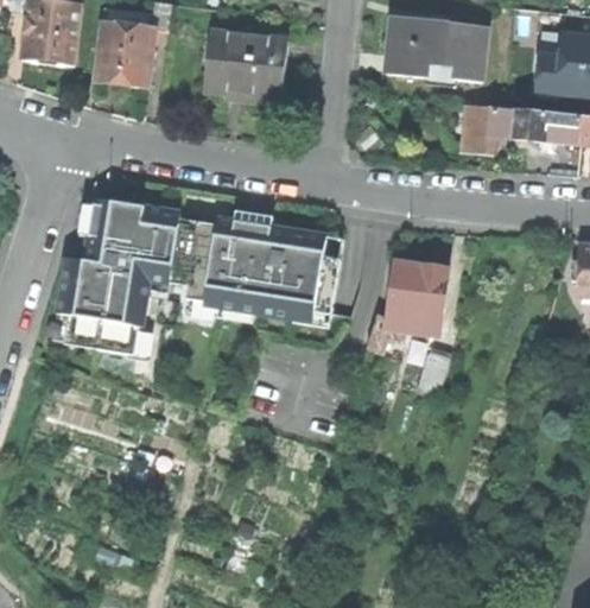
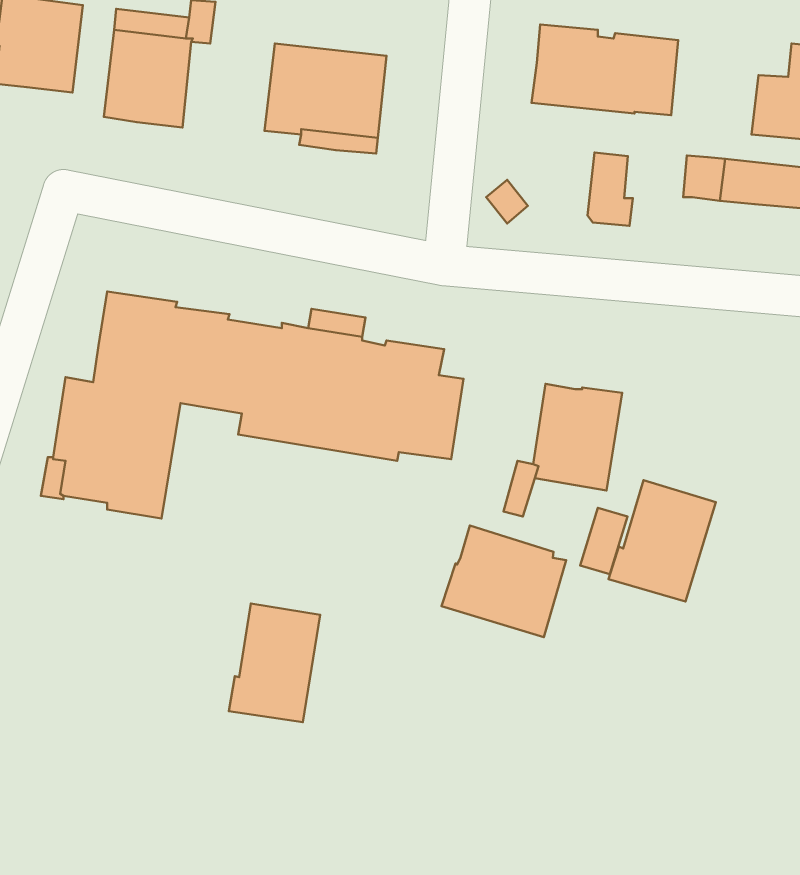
building: [464,103,495,153] -> [588,153,633,226]
building: none -> [608,480,716,601]
building: none -> [441,526,566,637]
building: none -> [229,603,320,722]

